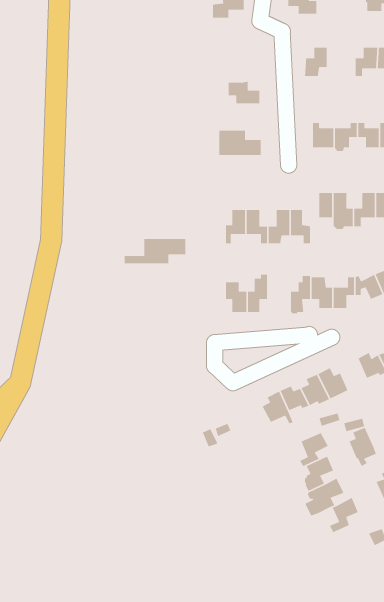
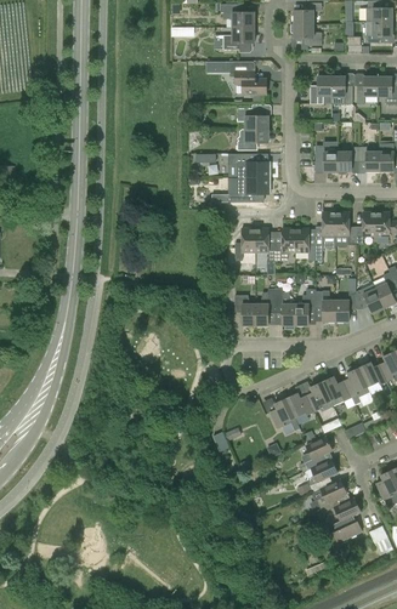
building: none -> [234,70,266,95]
building: none -> [331,76,353,104]
building: none -> [238,130,268,150]
building: [124,238,186,264] -> [211,178,270,203]
building: none -> [276,289,296,329]
building: [348,427,377,467] -> [344,368,370,405]

